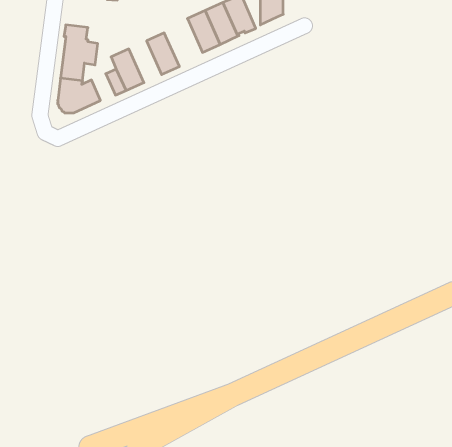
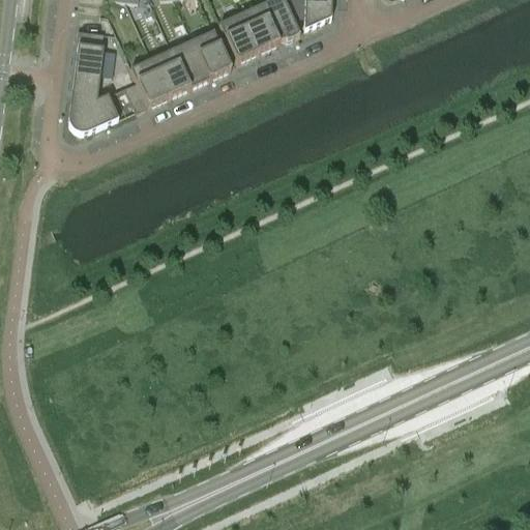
building: none -> [194,29,232,78]
building: none -> [152,48,190,96]

